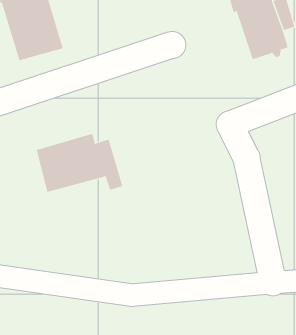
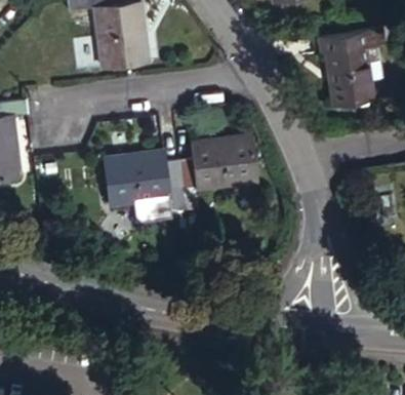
building: none -> [177,135,254,209]

